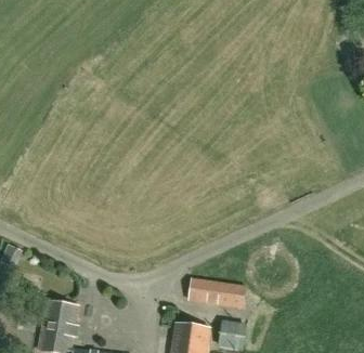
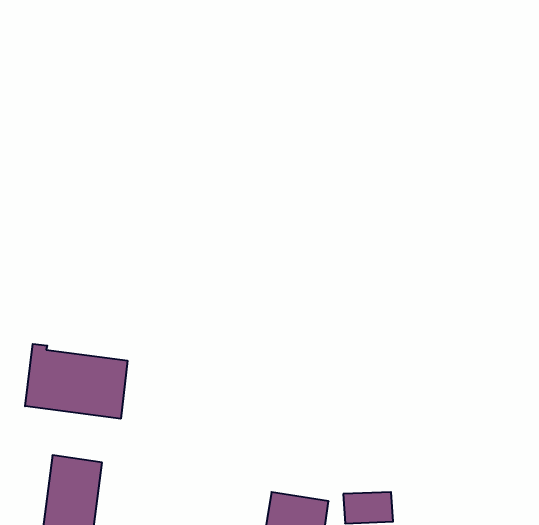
building: none -> [25,344,127,419]
building: [191,279,247,306] -> none

